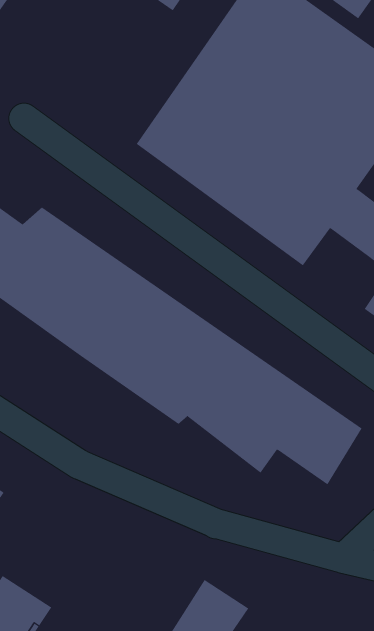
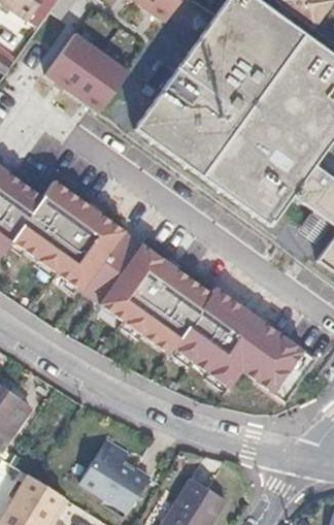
building: none -> [45,33,129,112]
building: none -> [79,438,149,512]

